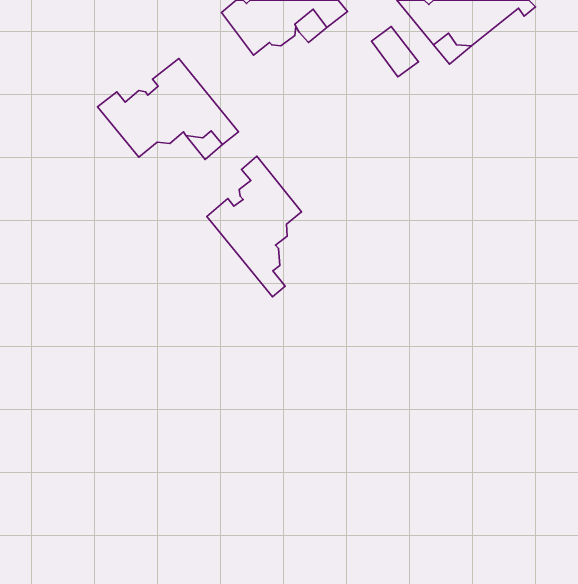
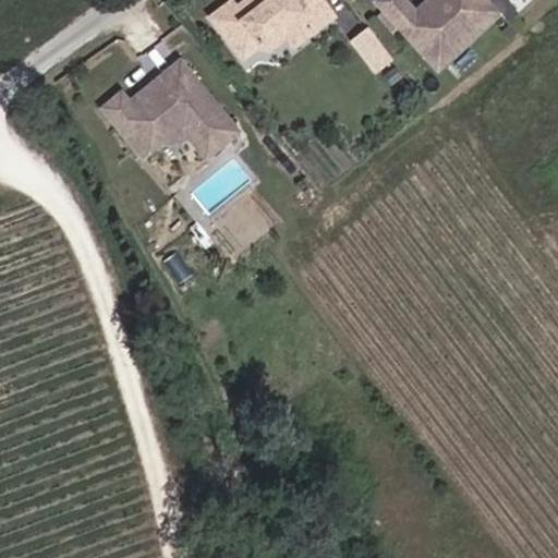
building: [207,156,302,297] -> none

